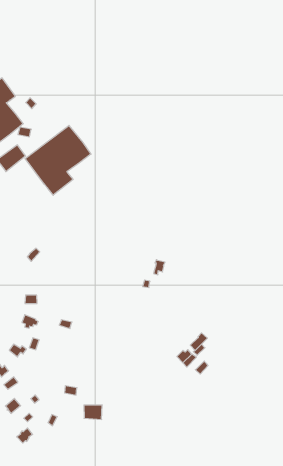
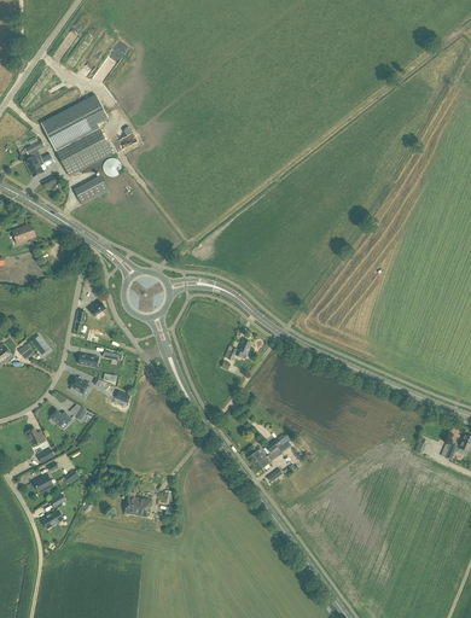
building: [25,125,91,195] -> none

